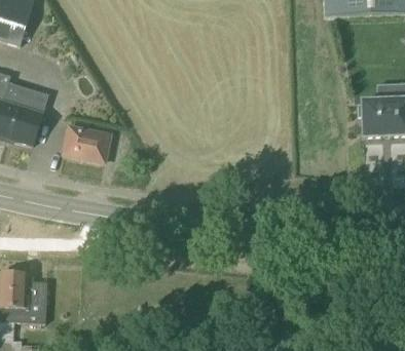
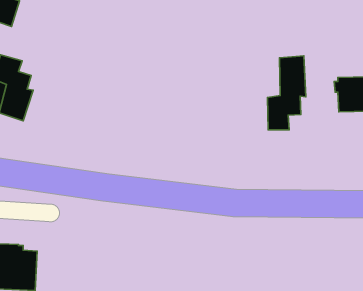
building: none -> [267,56,306,130]
building: [66,126,111,160] -> none

